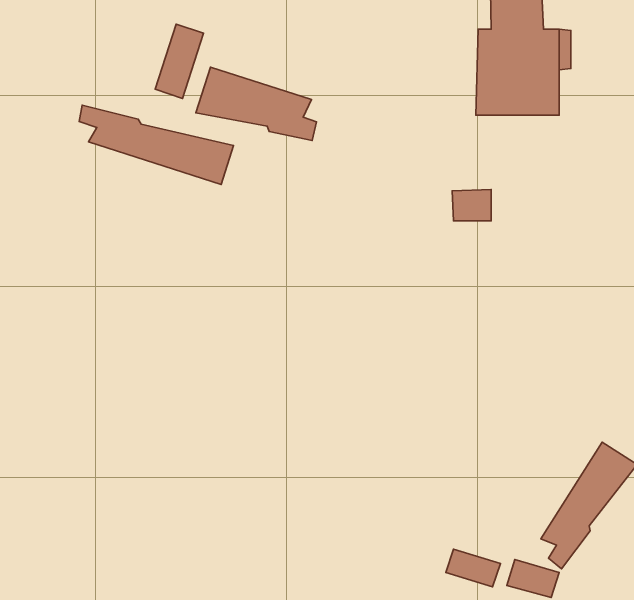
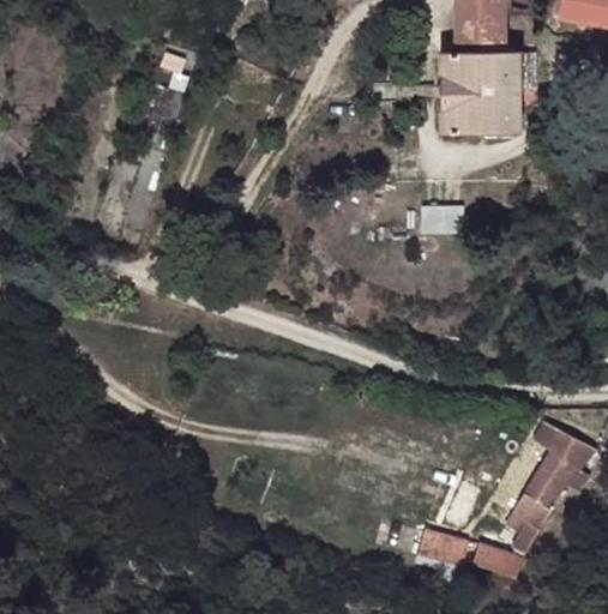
building: [196,67,316,140] -> none
building: [79,105,234,184] -> none

